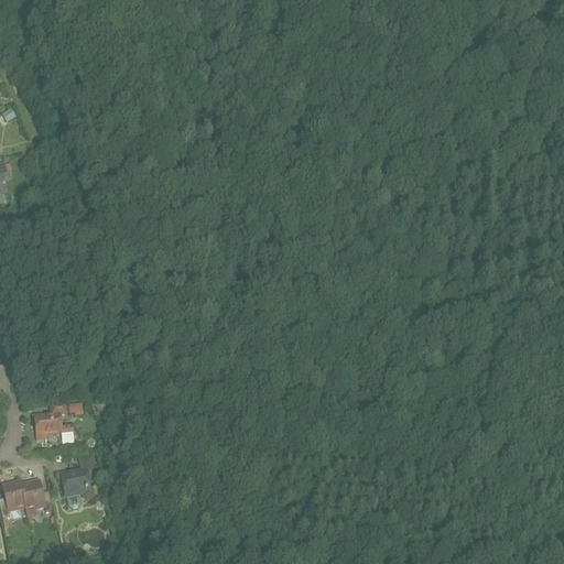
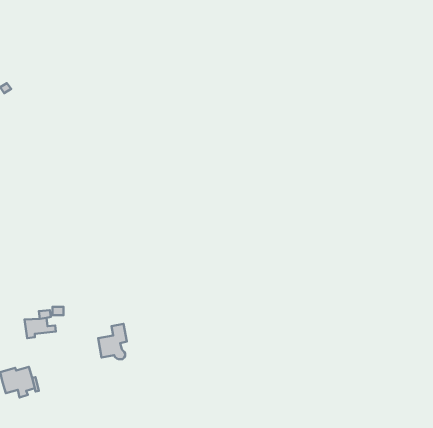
building: [59,452,97,498] -> [98,324,127,359]

